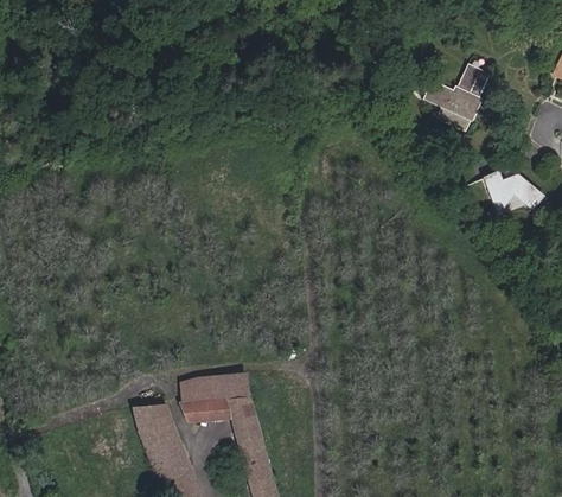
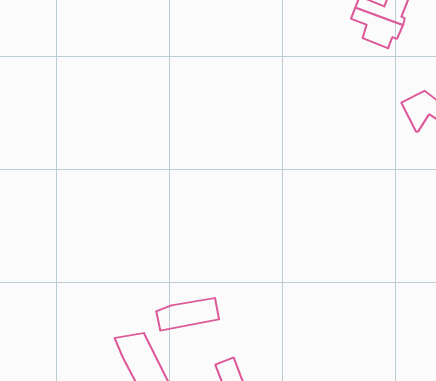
building: [184,401,262,451] -> none

